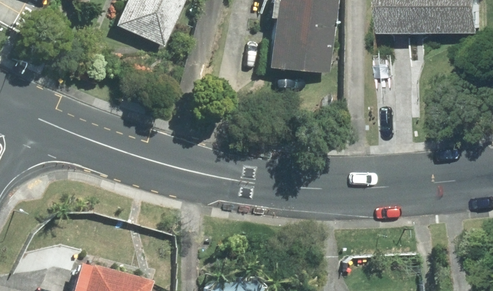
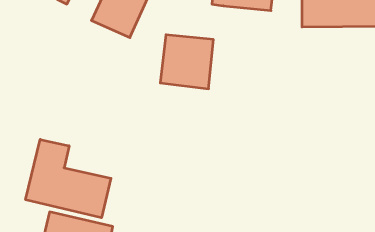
building: [274,8,339,74] -> [160,35,213,89]
building: none -> [26,139,111,218]

